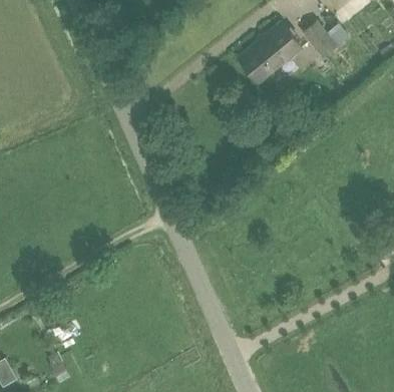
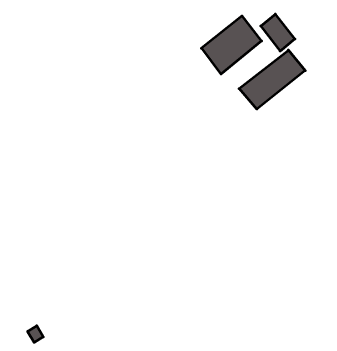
building: none -> [239,50,305,109]

